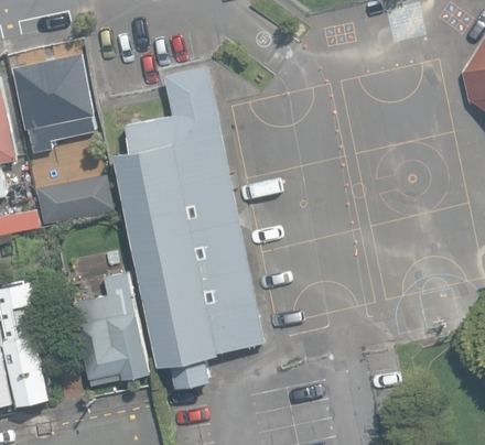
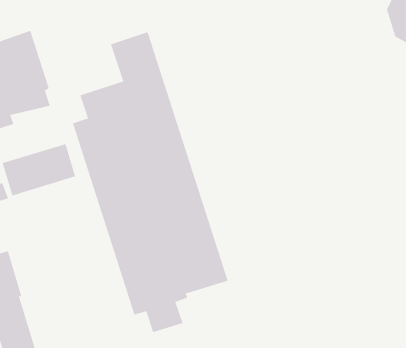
building: [74,271,151,383] -> none

